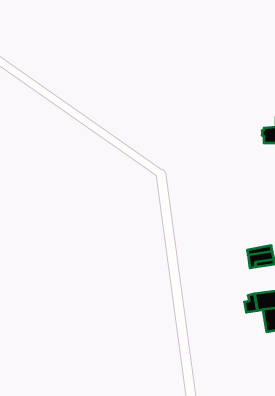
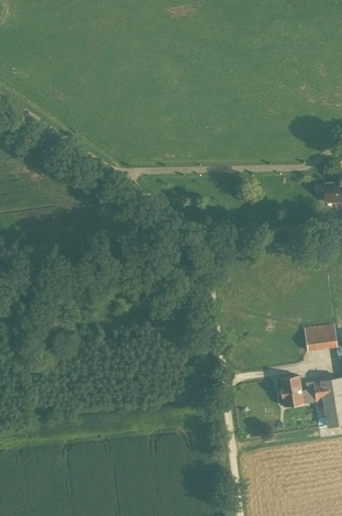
building: none -> [279,376,304,407]

